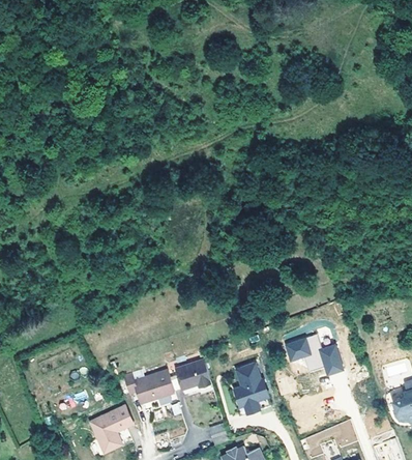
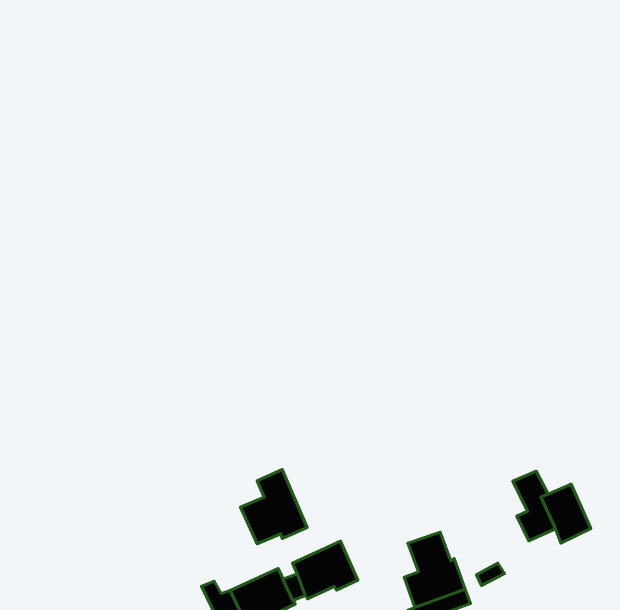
building: none -> [240,470,307,544]
building: [284,340,308,365] -> none

